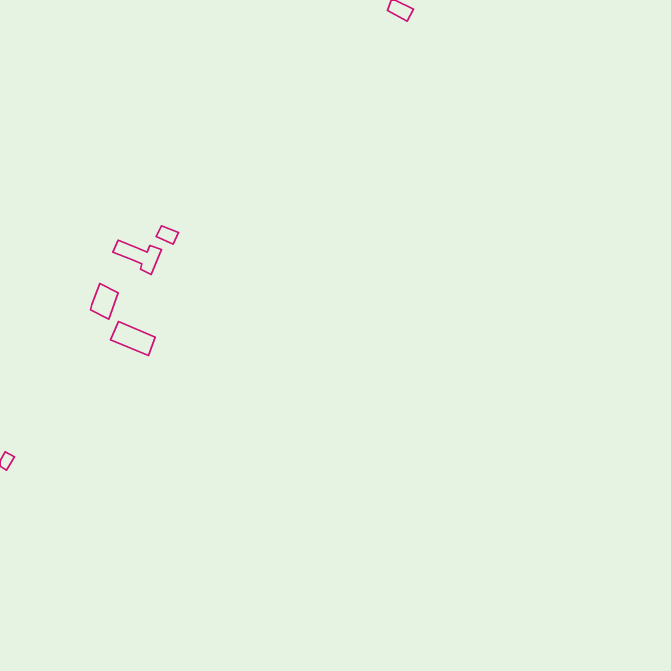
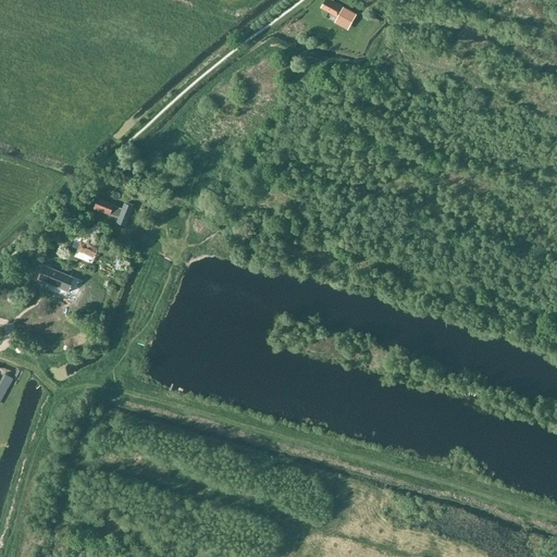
building: [111,321,155,356] -> [37,265,74,294]

